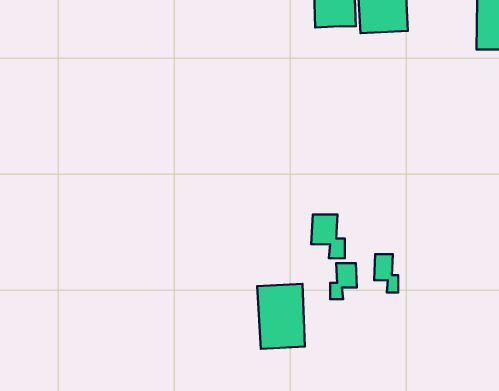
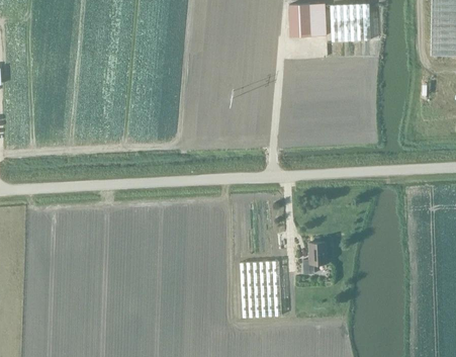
building: [311,215,345,258] -> none
building: [374,254,398,292] -> none

